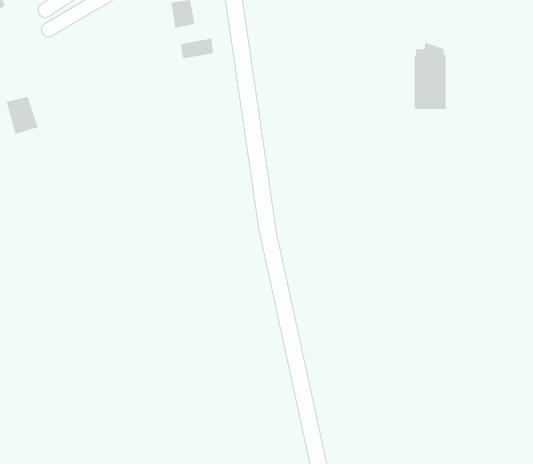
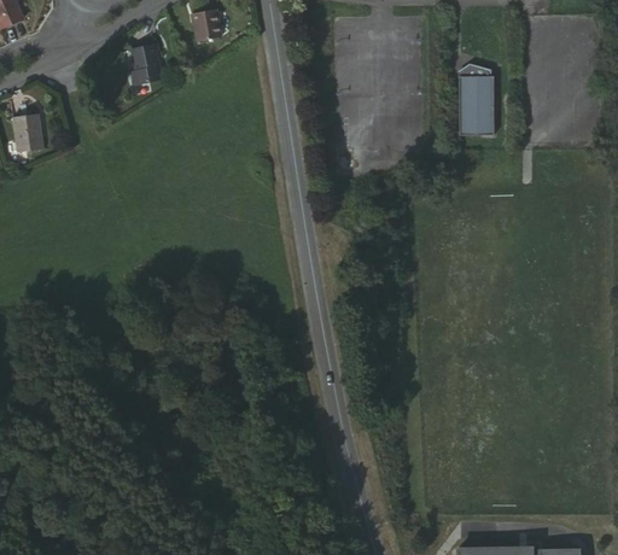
building: none -> [129,34,161,75]
building: [180,38,213,59] -> none

